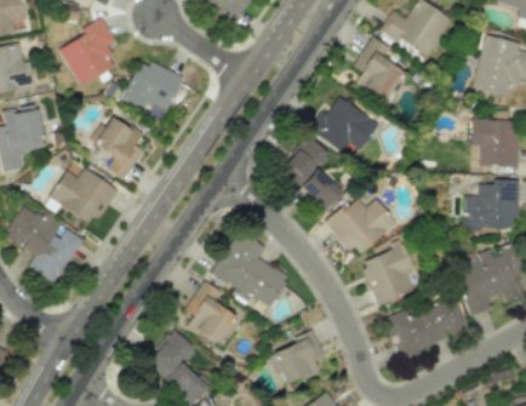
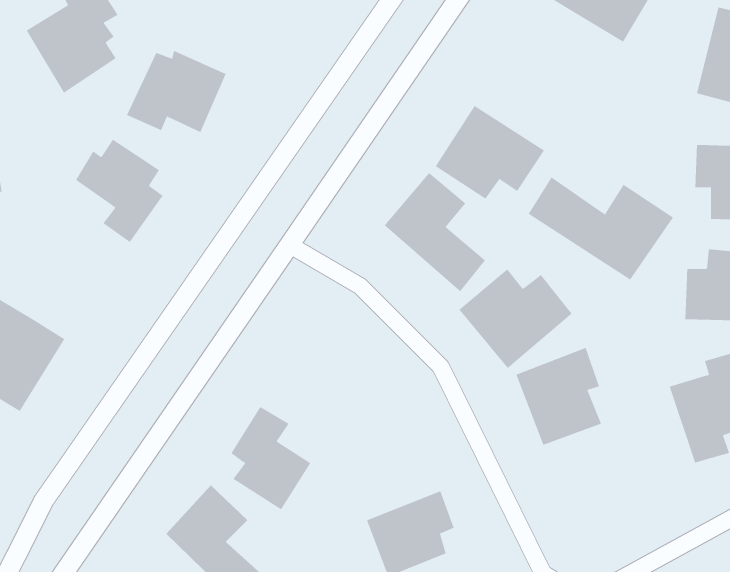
building: [354,38,404,103] -> none
building: none -> [528,176,674,280]
building: [50,168,116,227] -> none
building: [212,230,290,308] -> none
building: [385,298,470,358] -> none

